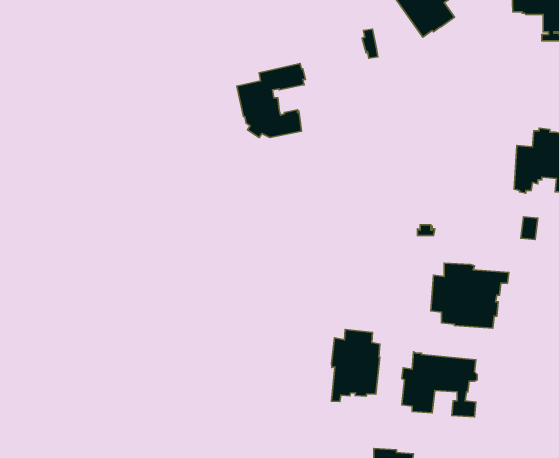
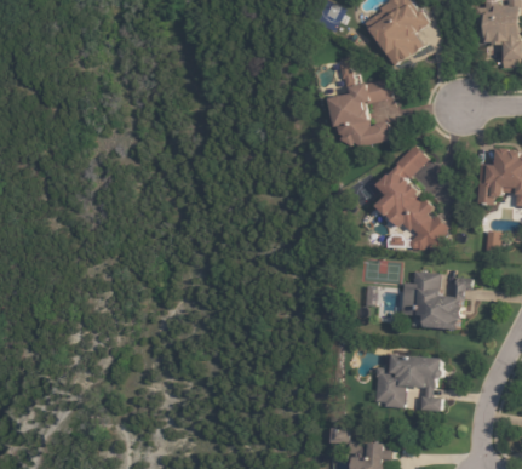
building: [237,64,306,138] -> [329,78,392,145]
building: none -> [375,144,449,250]
building: [331,330,380,402] -> none

